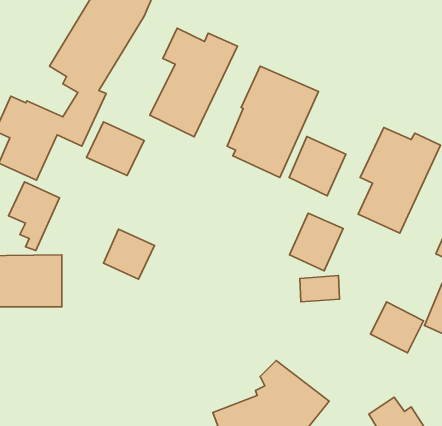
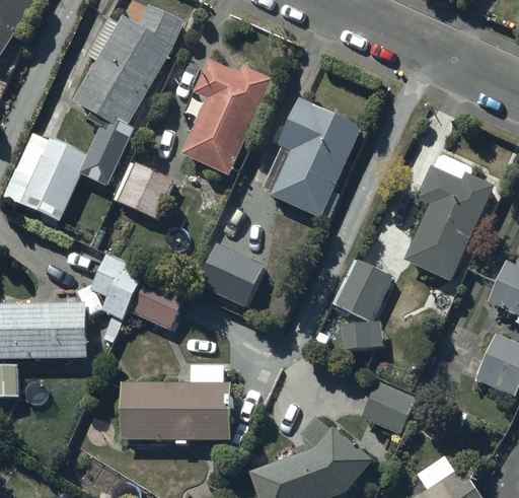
building: [289,137,346,196] -> none
building: [8,182,59,251] -> [89,253,144,327]
building: none -> [197,242,263,307]
building: [371,302,423,353] -> [359,379,416,434]
building: none -> [121,387,230,446]

